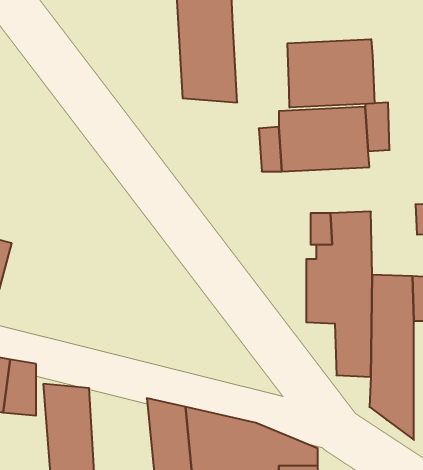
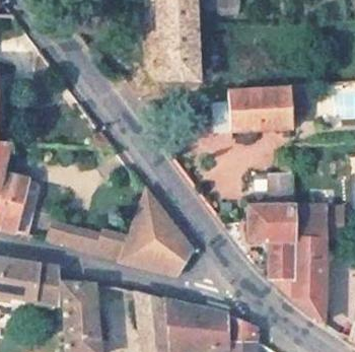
building: [288,39,374,108] -> none
building: none -> [52,190,192,273]

